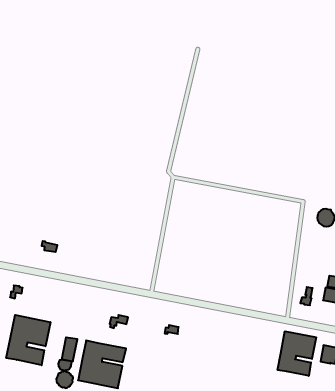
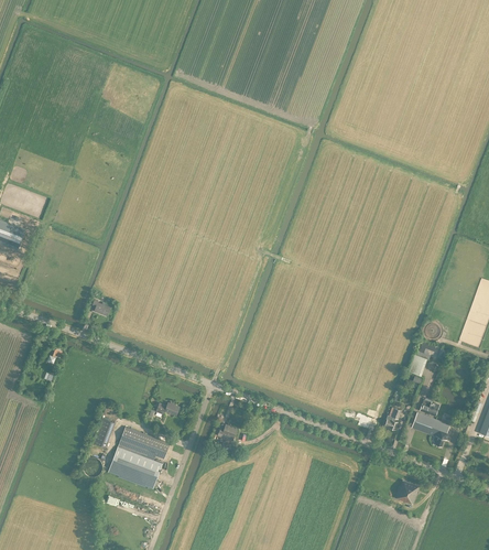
building: [6,315,50,365] -> none
building: [278,331,316,376] -> none

